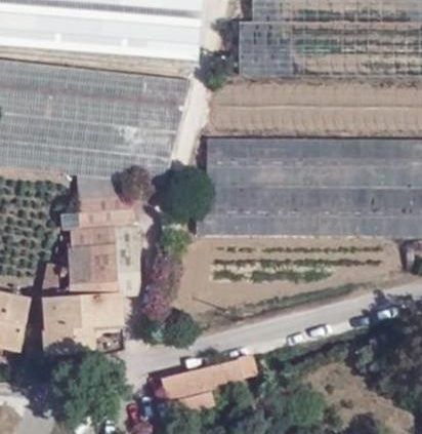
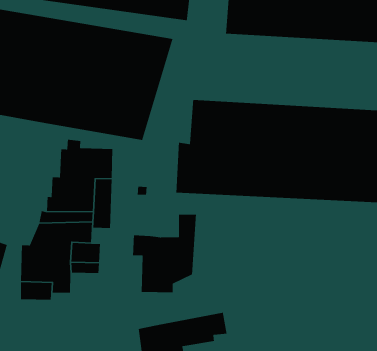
building: none -> [132,214,197,293]

